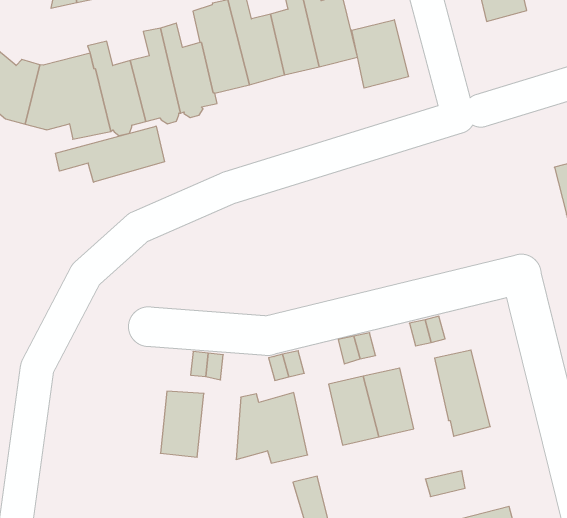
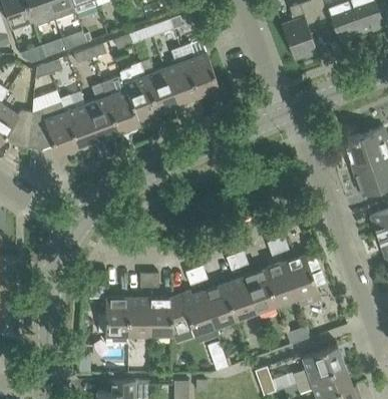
building: [352,20,408,88] -> none
building: [55,126,165,182] -> none
building: none -> [264,262,296,305]
building: none -> [203,284,235,327]
building: none -> [105,298,127,343]
building: none -> [149,297,172,335]

